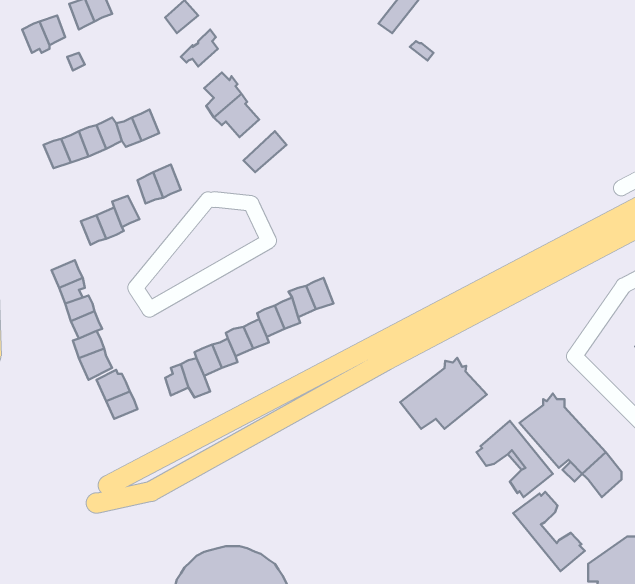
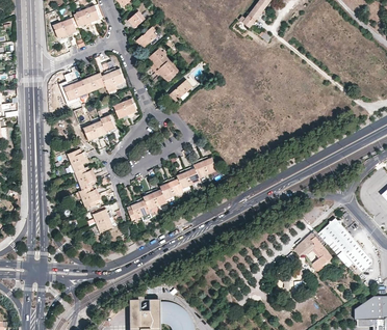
building: [400,358,487,429] -> none
building: [513,492,585,571] -> none

